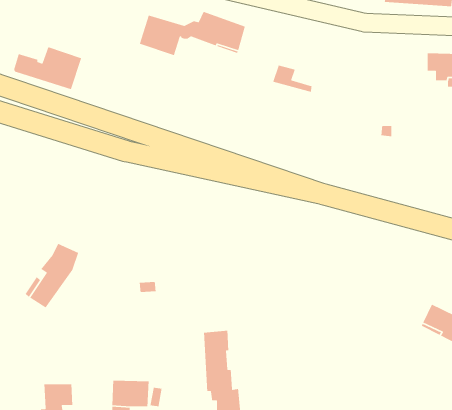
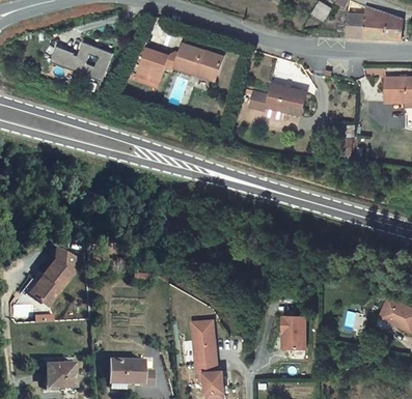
building: [13,46,82,90] -> [57,41,117,80]
building: none -> [266,83,305,113]
building: none -> [280,315,303,348]

